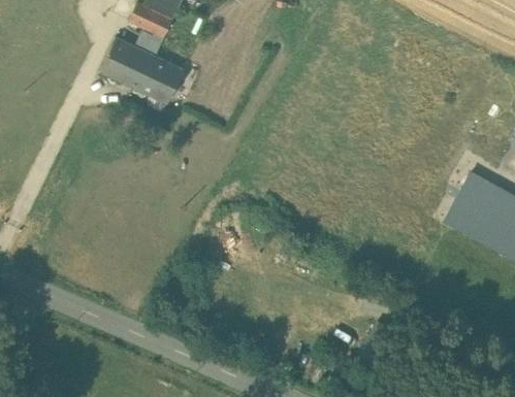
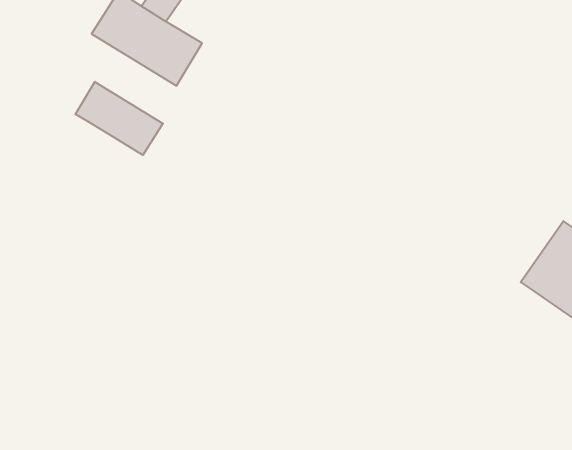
building: none -> [75,82,163,155]

